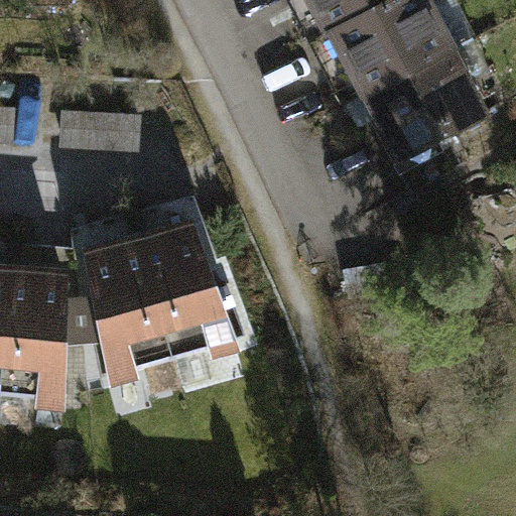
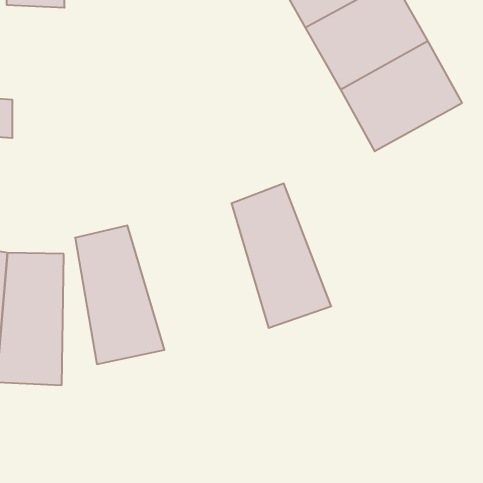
building: [58,112,139,156] -> none
building: [135,218,241,371] -> [231,183,331,328]

